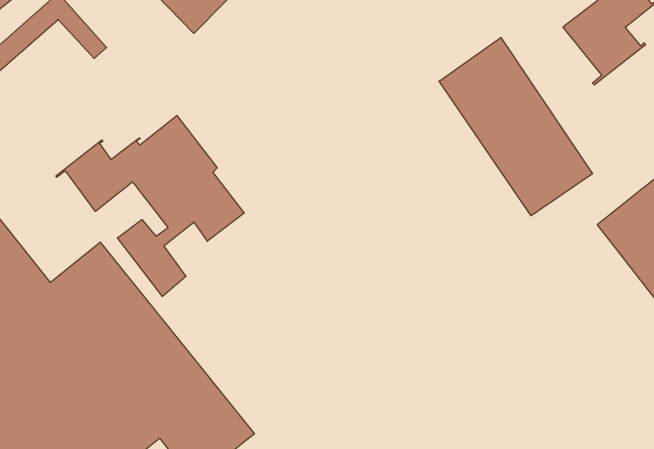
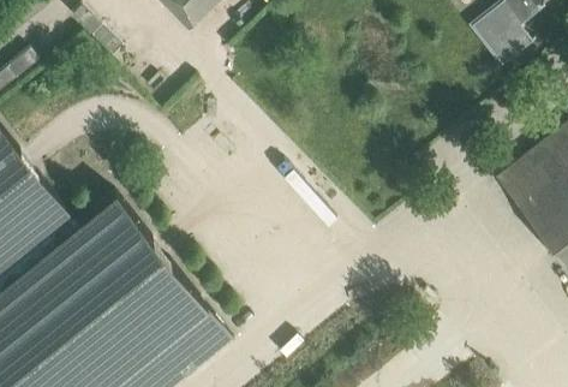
building: [439,37,592,216] -> none
building: [56,116,244,296] -> none

